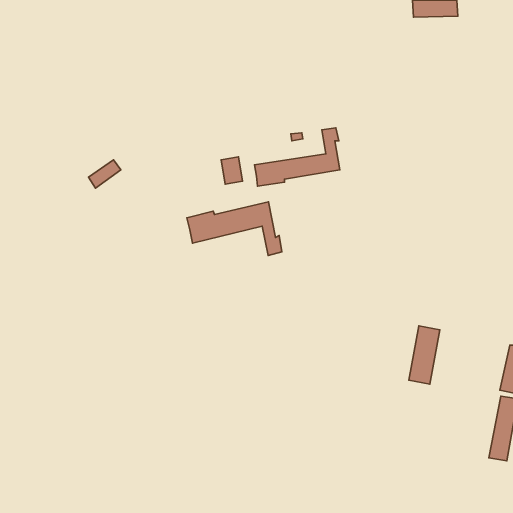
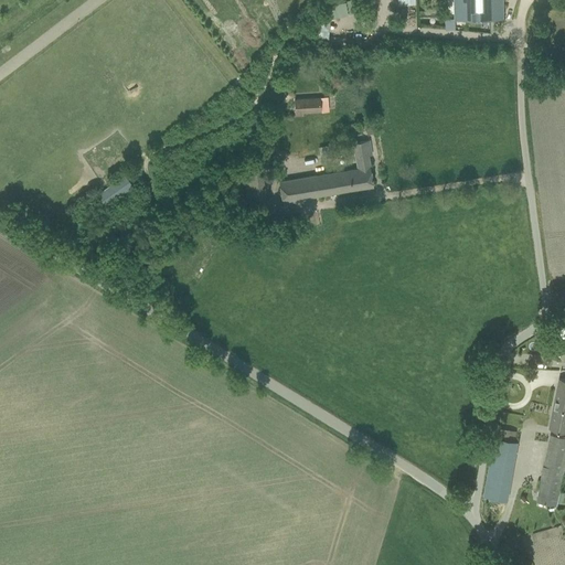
building: none -> [296,98,329,117]
building: [187,202,282,255] -> none
building: [409,326,440,384] -> [484,438,519,502]

